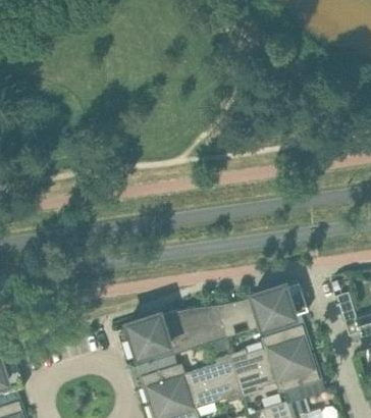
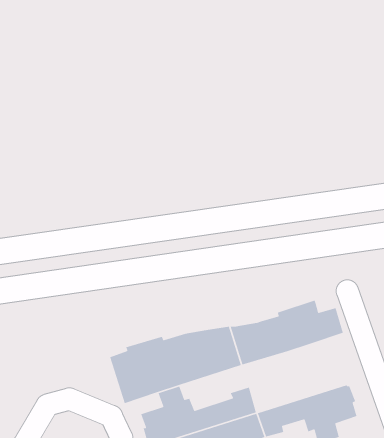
building: [229,320,311,376] -> none

